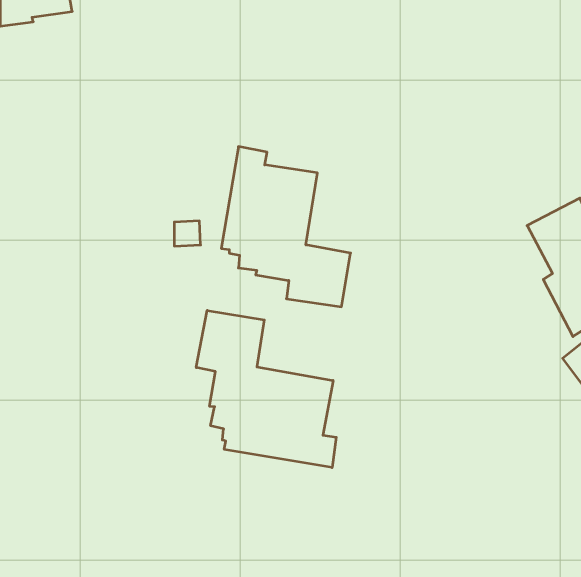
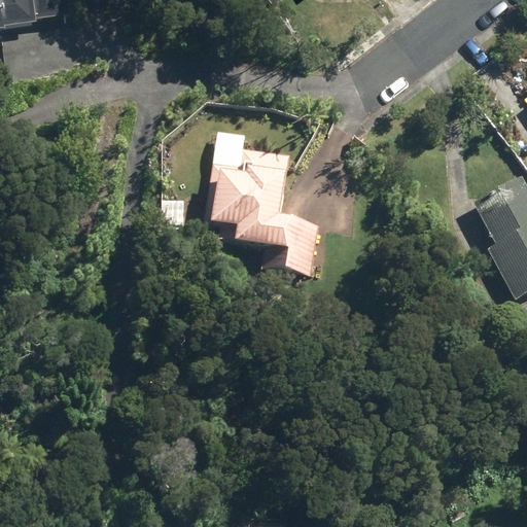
building: [196,310,336,468] -> none

